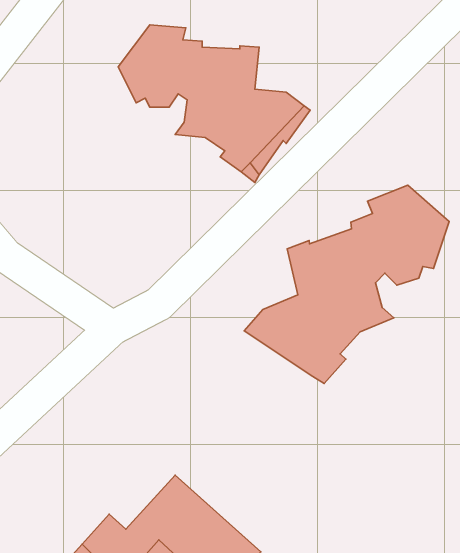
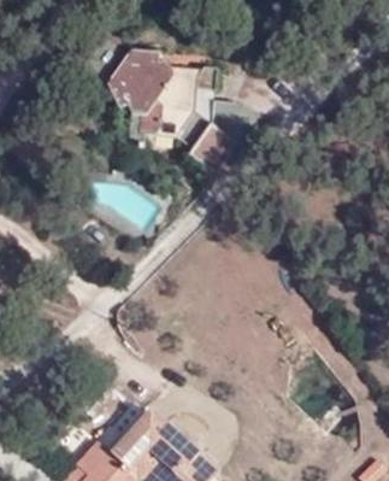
building: [244,185,449,383] -> none

